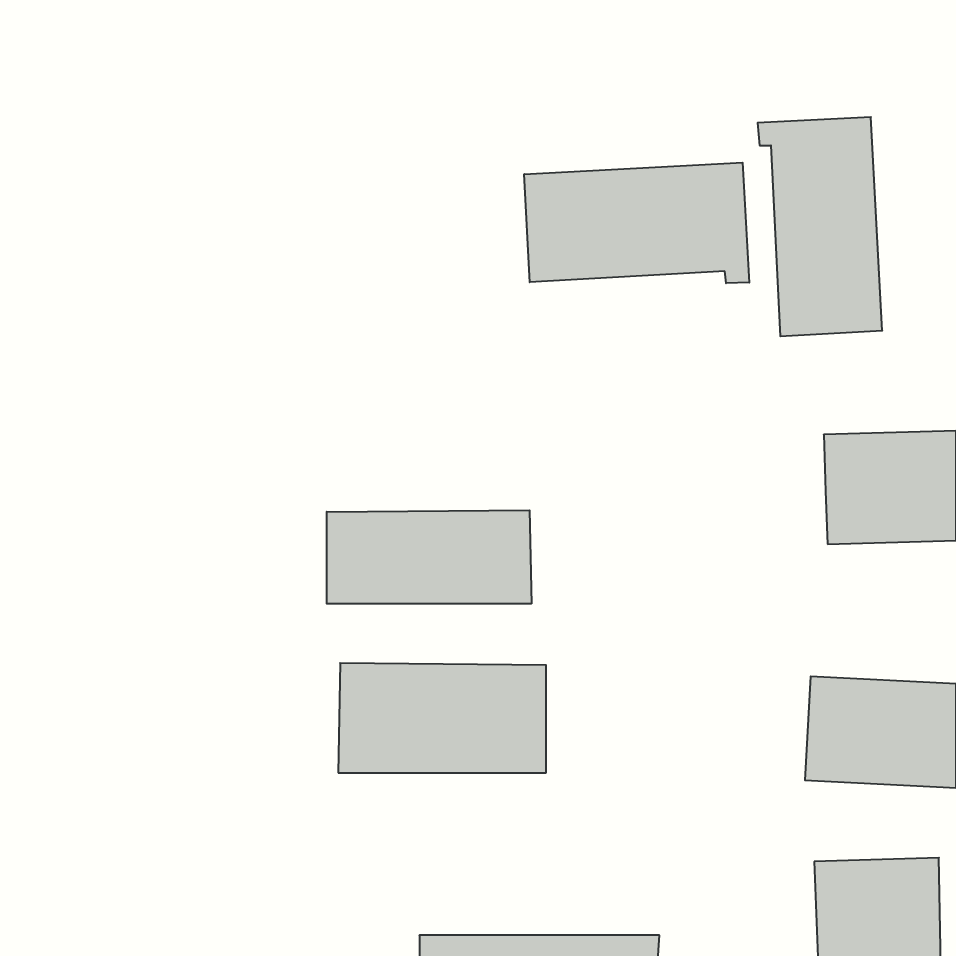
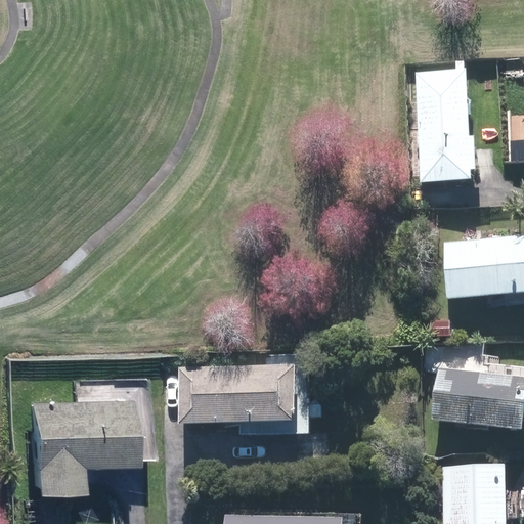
building: [524,163,749,283] -> none
building: [327,510,531,604] -> none
building: none -> [27,396,132,486]

